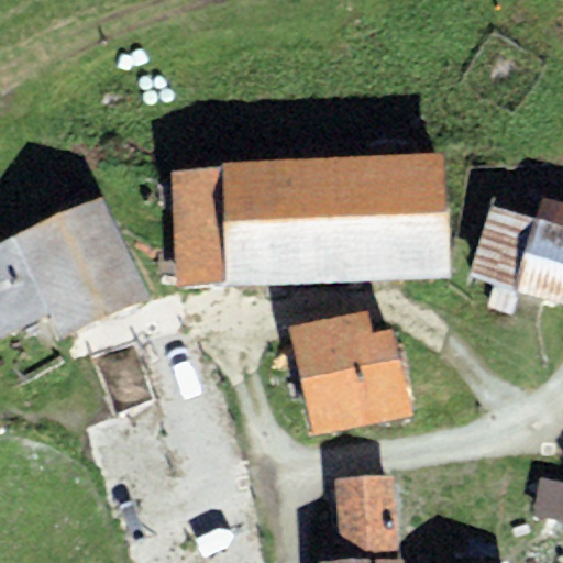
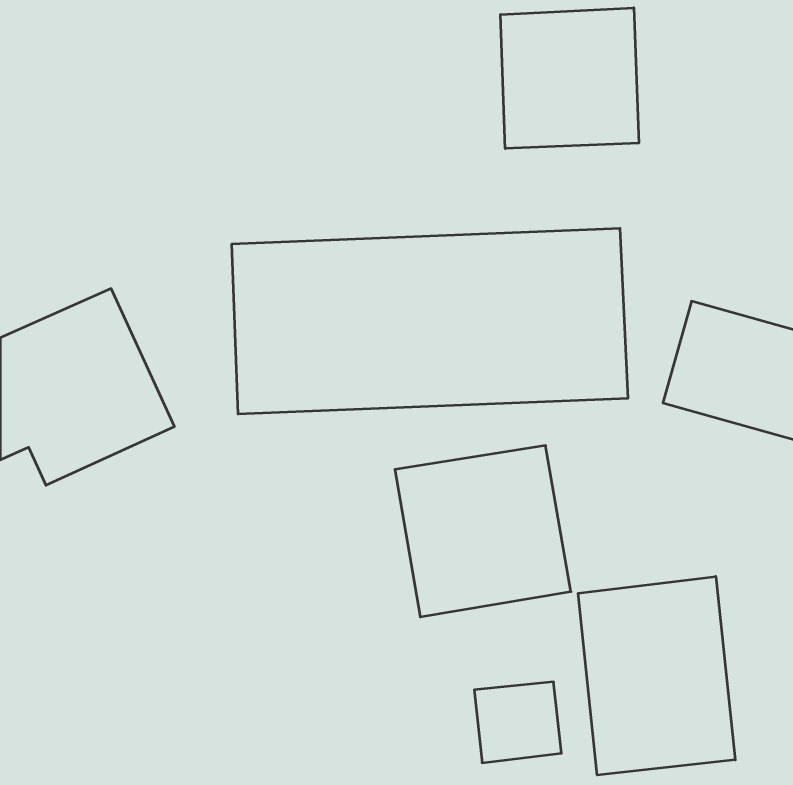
building: none -> [500,8,639,149]
building: none -> [578,576,735,775]

